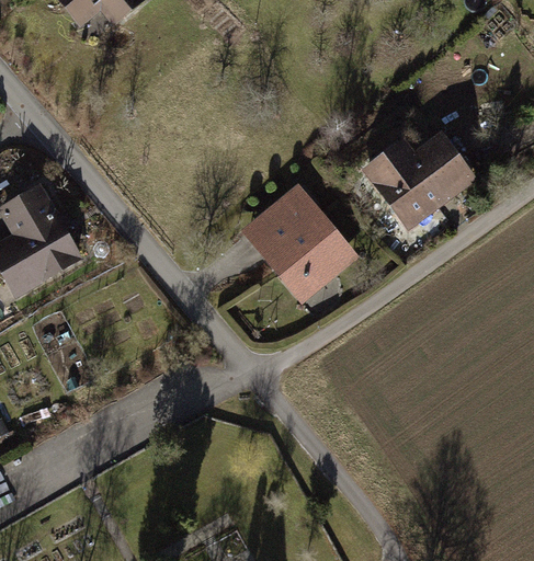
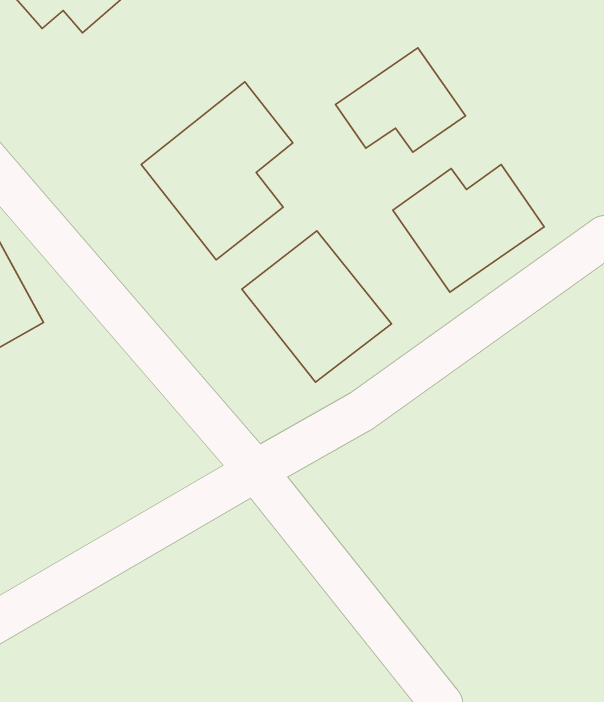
building: none -> [336,48,465,152]
building: none -> [141,82,293,260]

